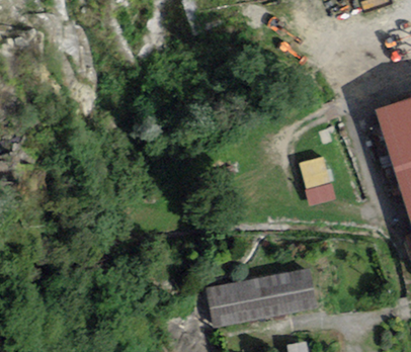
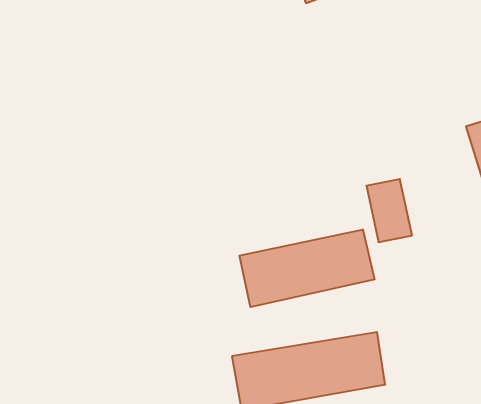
building: none -> [239,229,375,307]

